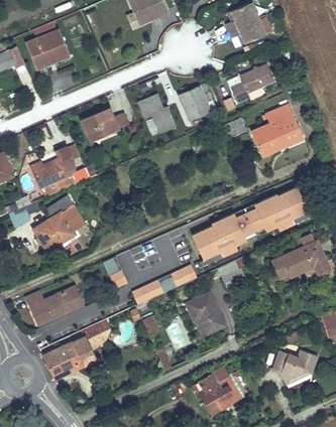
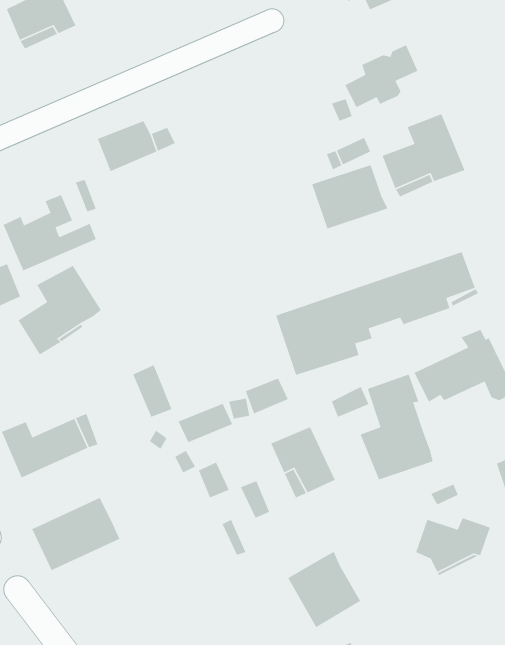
building: [179,87,212,120] -> none
building: [137,93,176,135] -> none
building: none -> [311,164,388,230]
building: none -> [360,373,433,481]
building: [84,317,125,351] -> none

